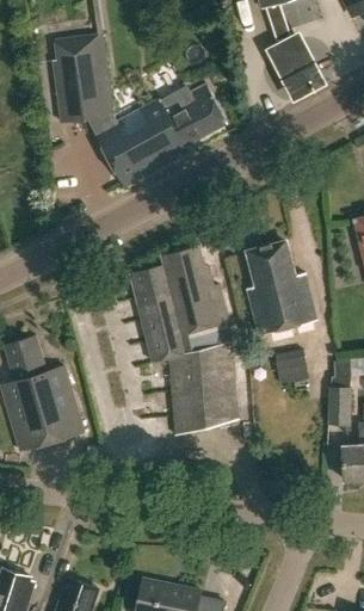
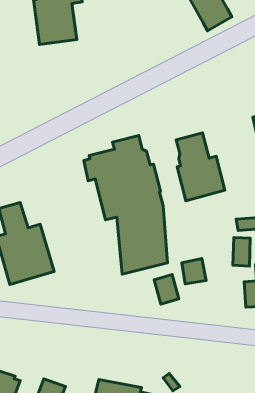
building: [97,82,228,185] -> none
building: [274,348,308,383] -> [182,259,206,284]
building: none -> [154,275,179,304]

